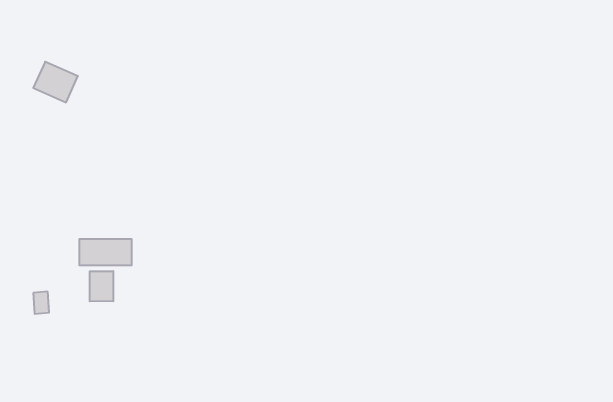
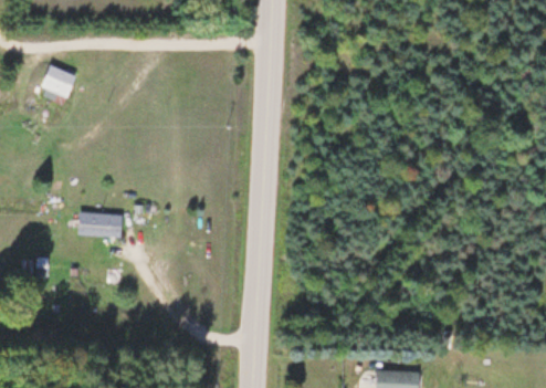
building: [90,271,113,301] -> none

